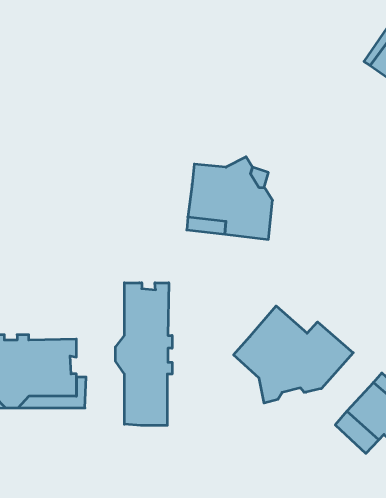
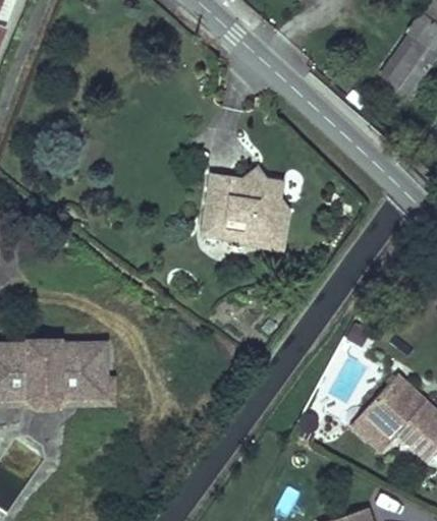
building: [115,283,172,425] -> none
building: [234,306,353,403] -> none

